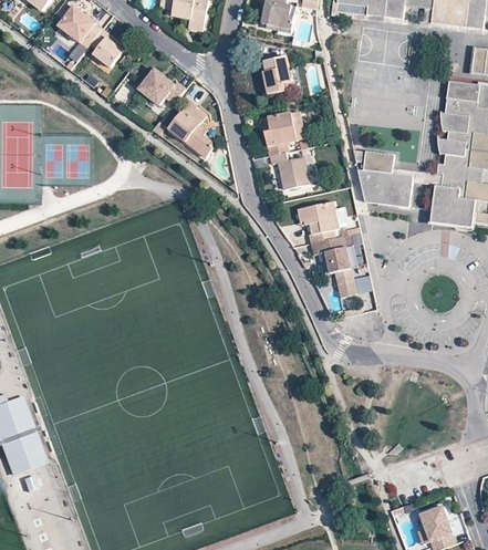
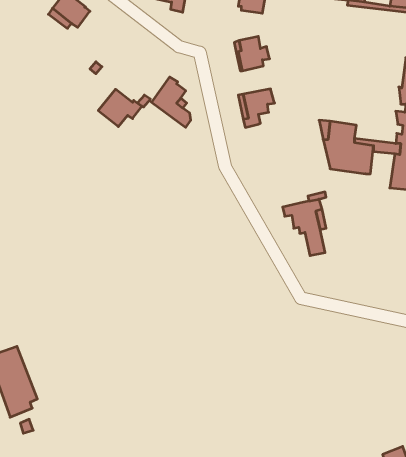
building: [90,28,122,65] -> none
building: [136,68,184,108] -> [98,89,142,127]
building: [270,152,308,188] -> none
building: [298,201,345,242] -> none

